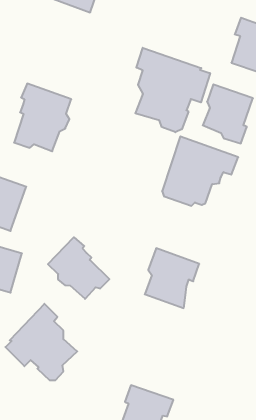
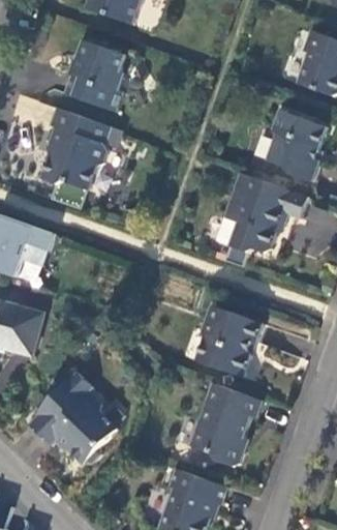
building: none -> [61,40,123,112]
building: [135,48,210,132] -> none
building: [48,237,109,299] -> none
building: none -> [190,382,261,465]

